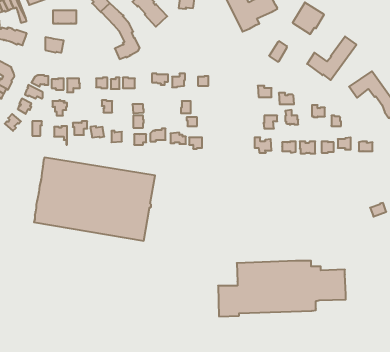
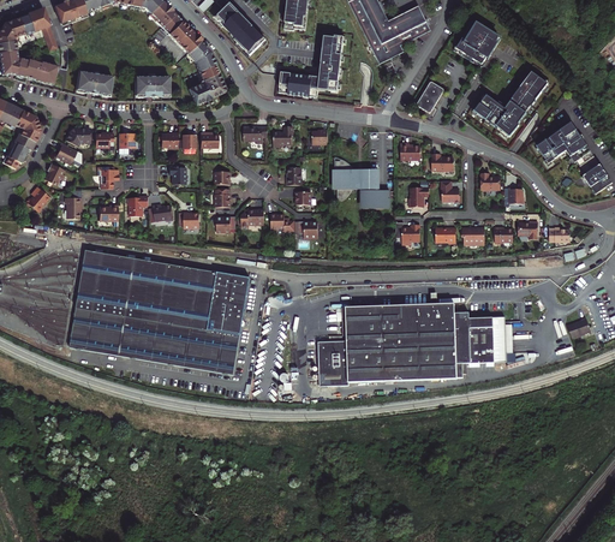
building: [53,10,76,23] -> [133,76,168,95]
building: none -> [277,36,342,97]
building: none -> [333,159,389,209]
building: [218,261,346,316] -> [316,304,506,387]

